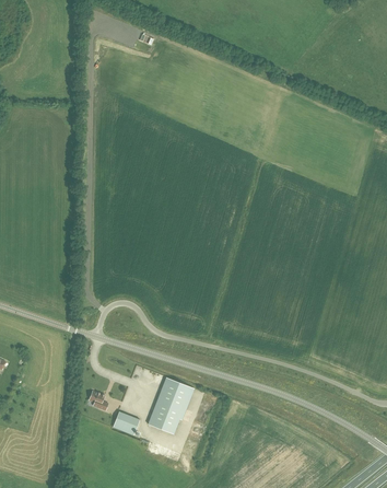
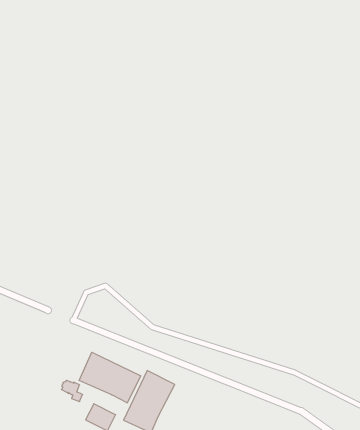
building: none -> [79,352,141,403]

